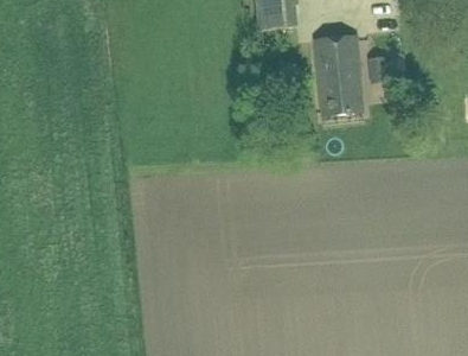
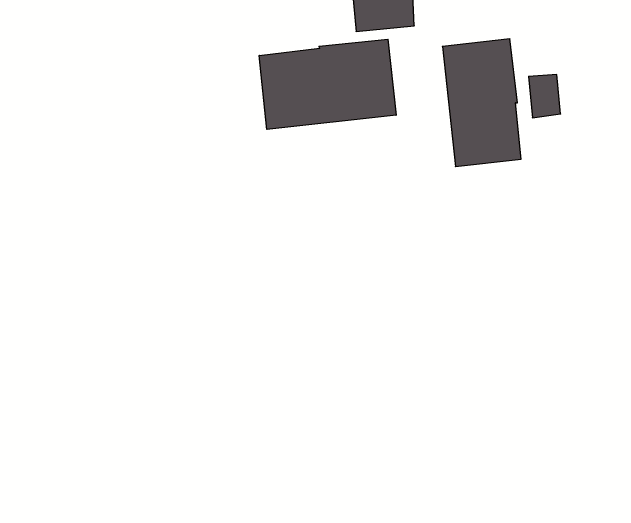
building: none -> [259,39,396,129]

